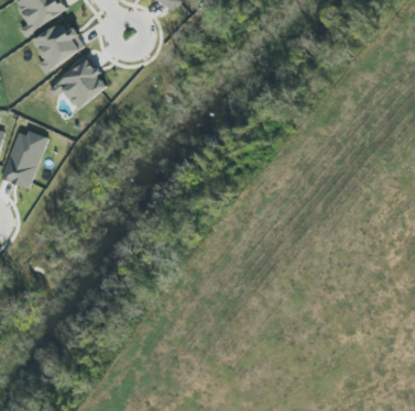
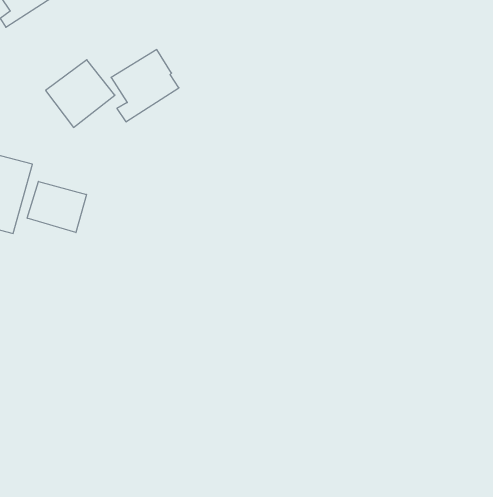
building: [32,19,83,73] -> [111,50,179,122]
building: none -> [27,181,86,233]

